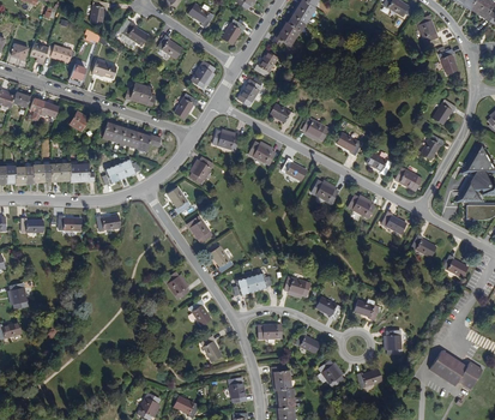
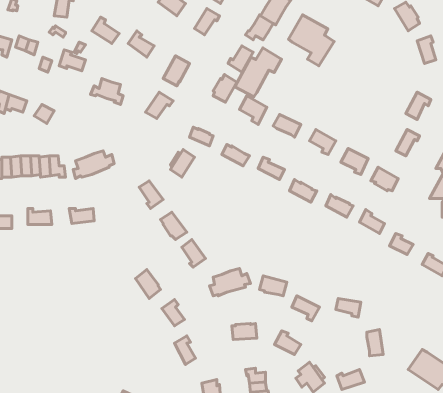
building: none -> [289,15,334,66]
building: none -> [235,48,282,97]
building: [102,119,161,149] -> none

